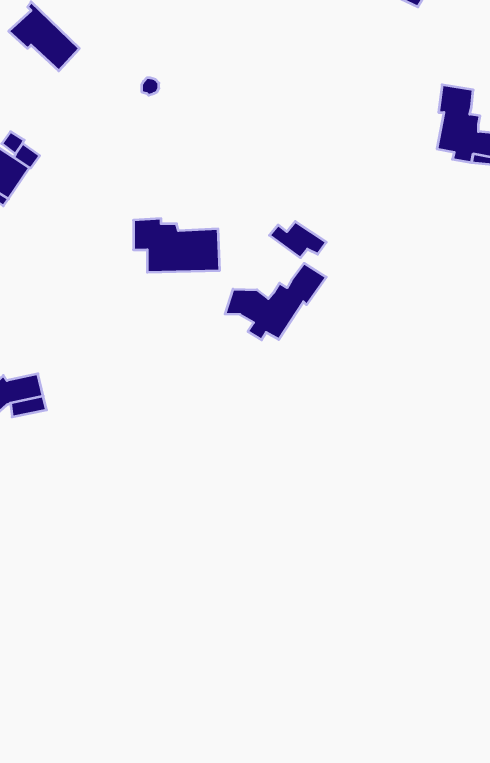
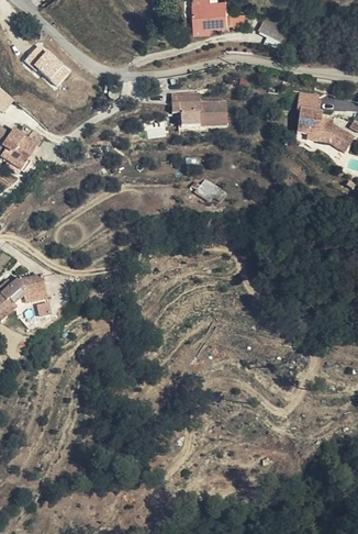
building: [133,219,220,272] -> [171,93,226,127]
building: [225,263,326,340] -> none

